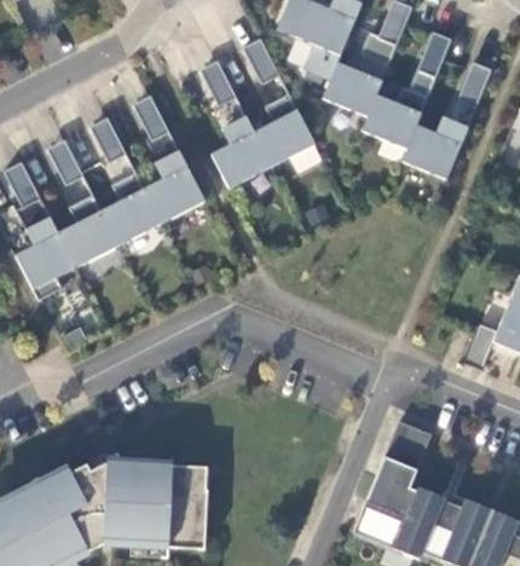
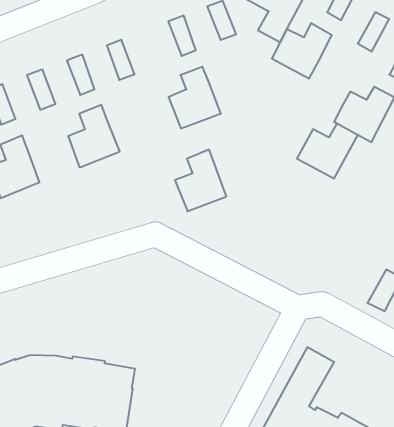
building: [362,85,428,148] -> [297,123,358,179]
building: [254,92,314,166] -> none
building: [144,149,204,221] -> [175,150,226,211]
building: [58,194,119,266] -> none

